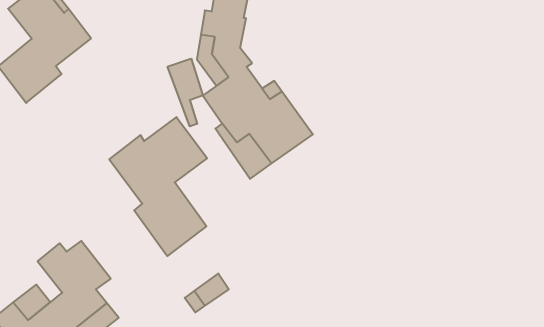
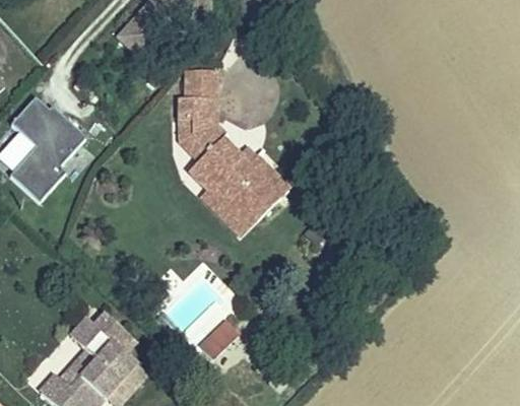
building: [168,59,203,126] -> none
building: [109,117,207,256] -> none

